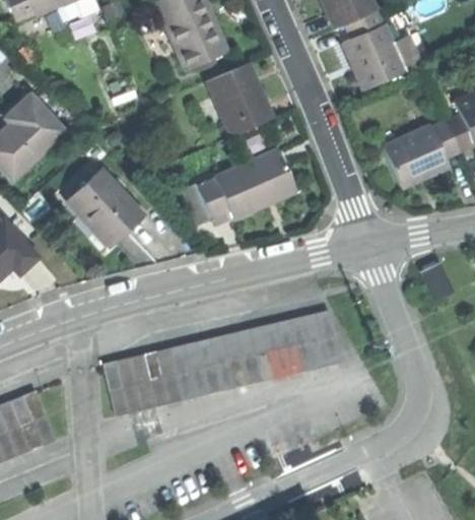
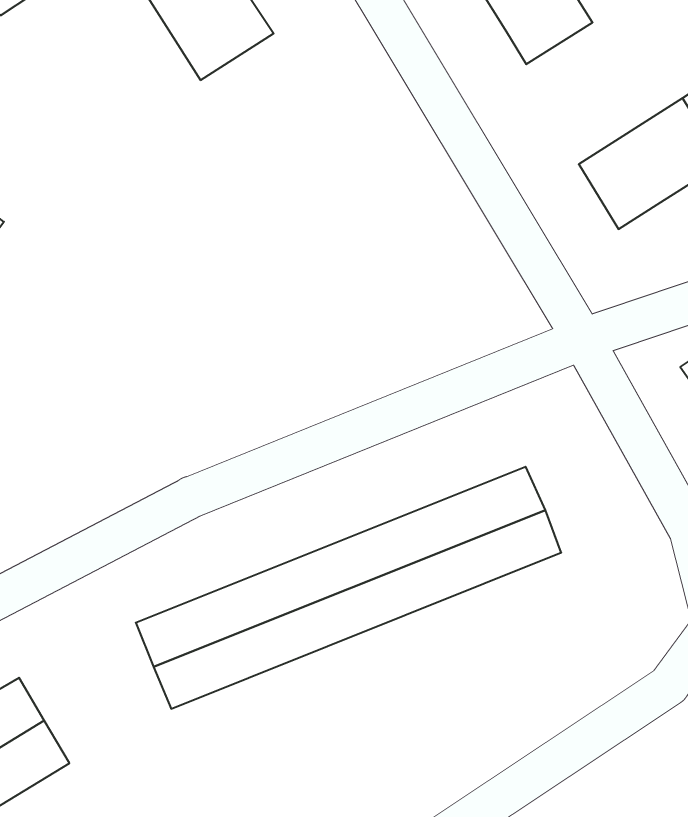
building: [205,62,273,138] -> none
building: [197,150,296,220] -> none
building: [69,172,144,244] -> none

